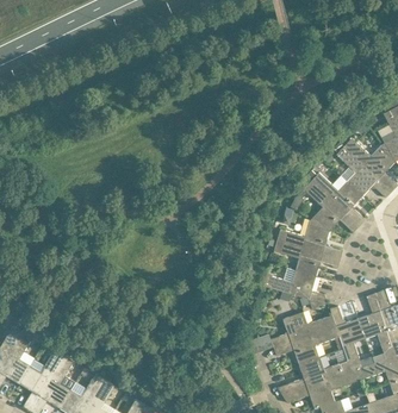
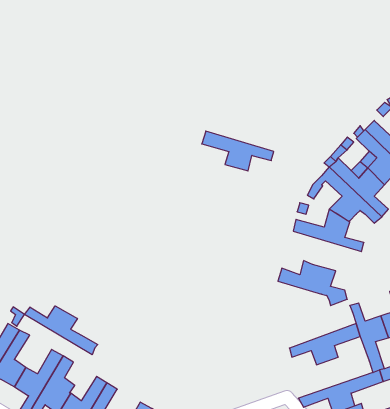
building: [274,239,341,276] -> [202,131,274,171]
building: none -> [25,306,98,355]
building: [270,311,336,348] -> none
building: [278,356,352,394] -> none

